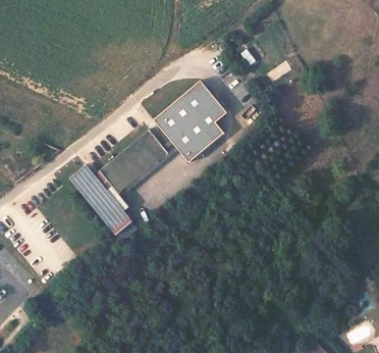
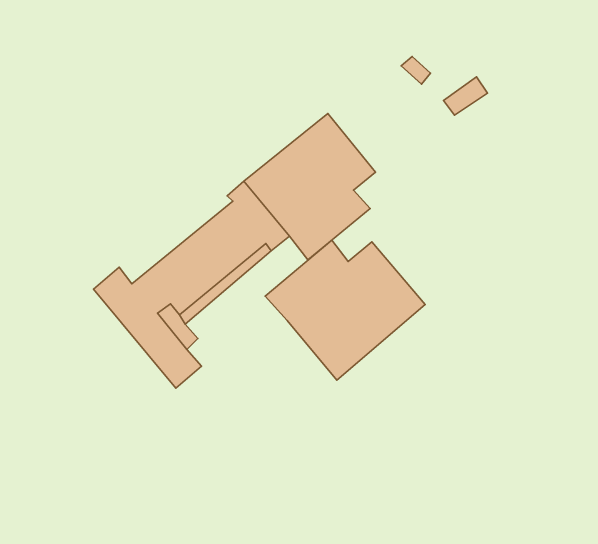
building: none -> [265,240,425,380]

